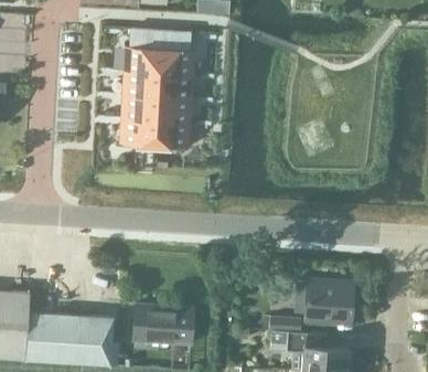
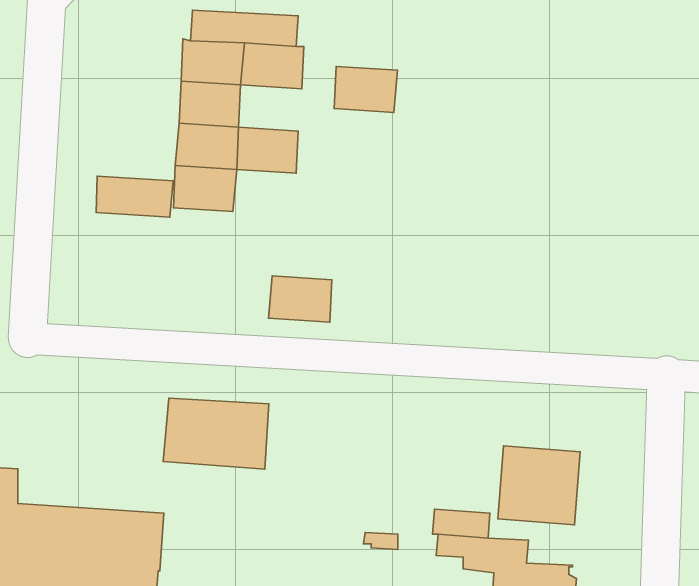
building: [156,72,192,98] -> [334,66,398,112]
building: [152,120,189,147] -> [268,276,332,322]
building: none -> [96,176,173,217]
building: [132,305,193,346] -> [163,398,269,469]

